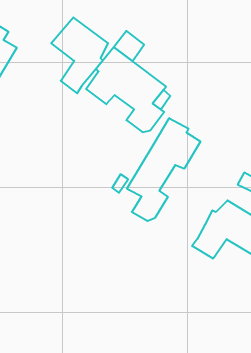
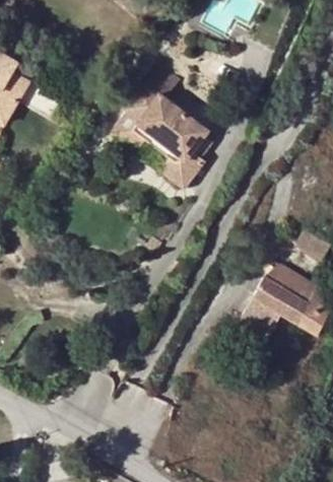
building: [51,17,108,93] -> none
building: [127,118,200,221] -> none

